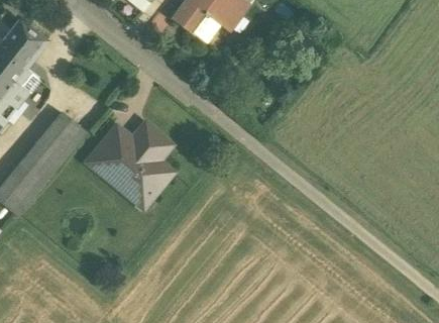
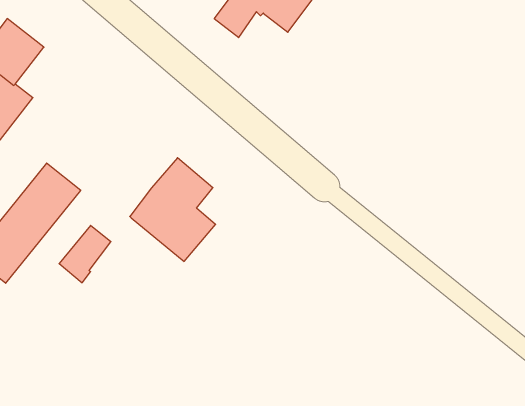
building: [48,111,87,147] -> none
building: [88,133,126,176] -> [59,225,111,283]

